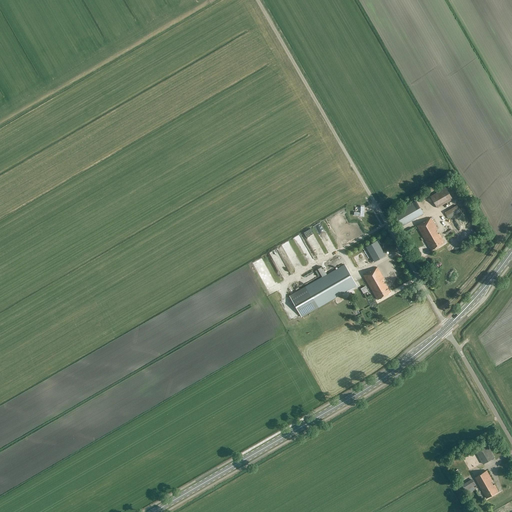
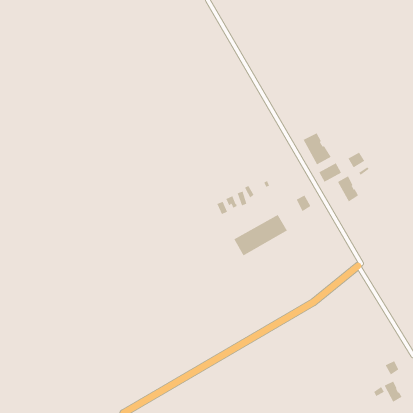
building: none -> [303,132,331,165]
building: [363,267,390,299] -> none

